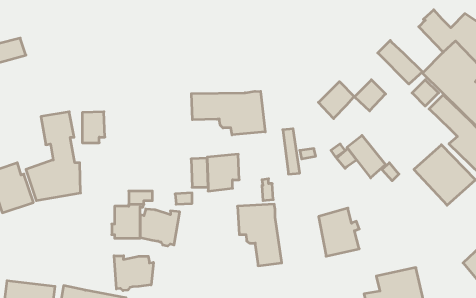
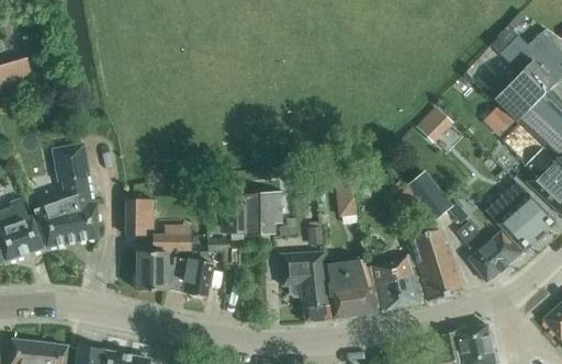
building: [378,40,422,84] -> none
building: [318,82,354,119] -> none
building: [191,91,265,135] -> none
building: [82,112,105,143] -> [126,198,153,235]
building: none -> [456,219,521,282]
building: none -> [408,228,463,299]
building: none -> [324,260,376,319]
building: [114,256,153,291] -> none

